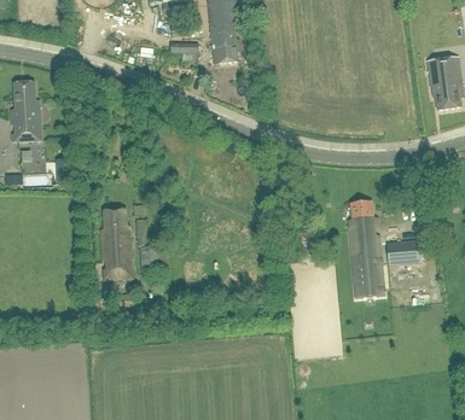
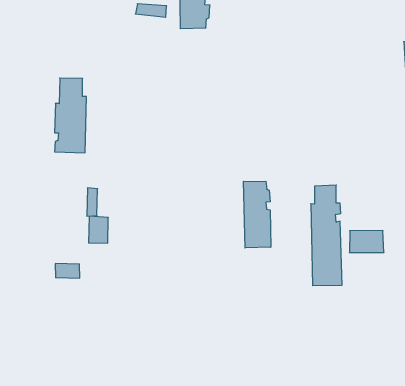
building: none -> [244,181,271,248]
building: [100,208,132,279] -> [55,78,86,153]

